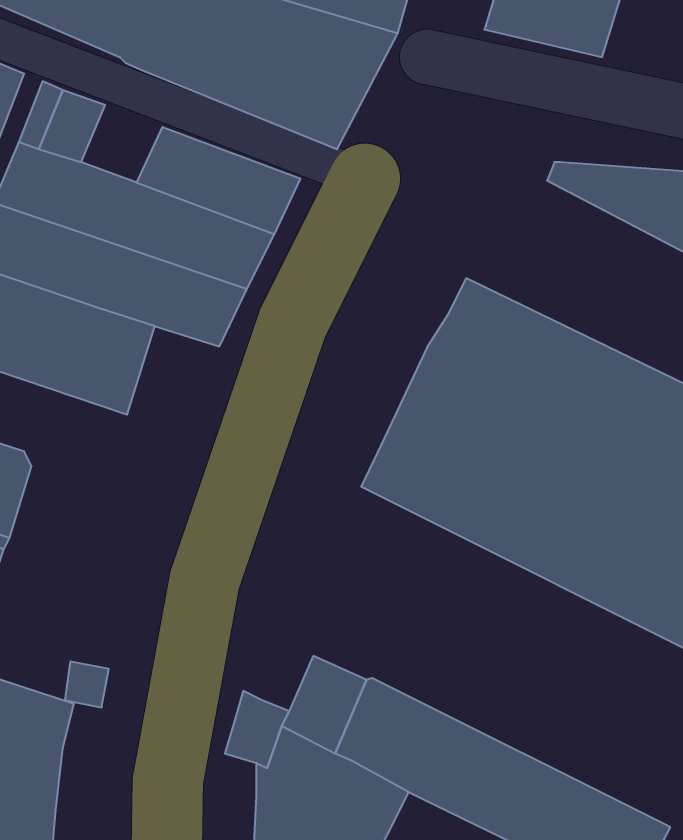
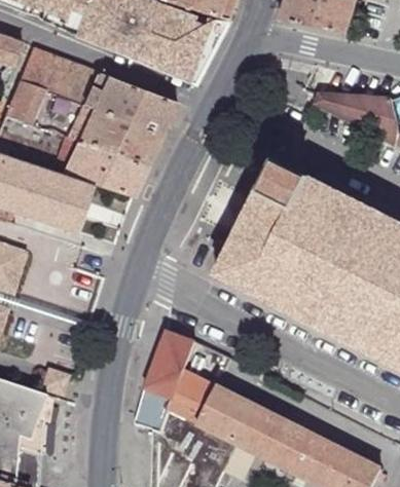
building: none -> [53,61,99,104]
building: none -> [144,331,193,399]

